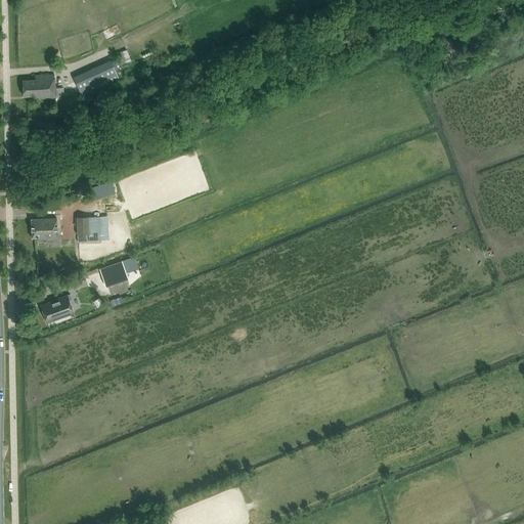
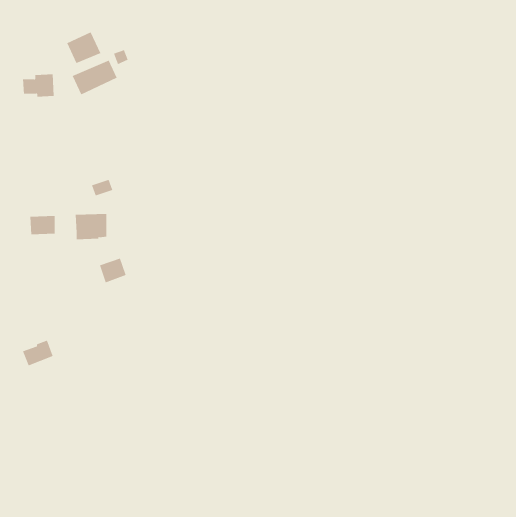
building: none -> [67,31,101,64]
building: [42,295,74,321] -> [22,340,53,366]

